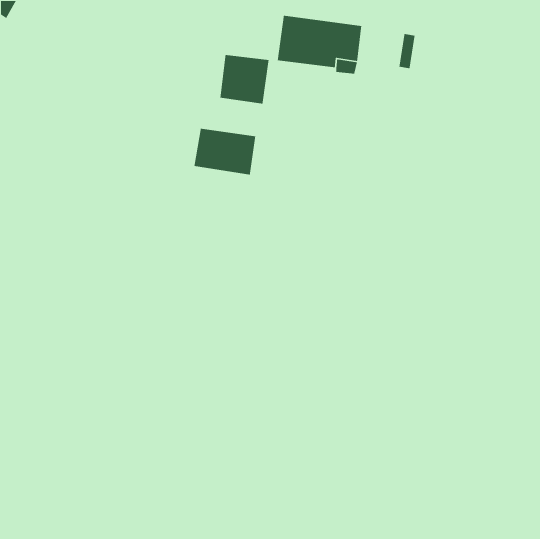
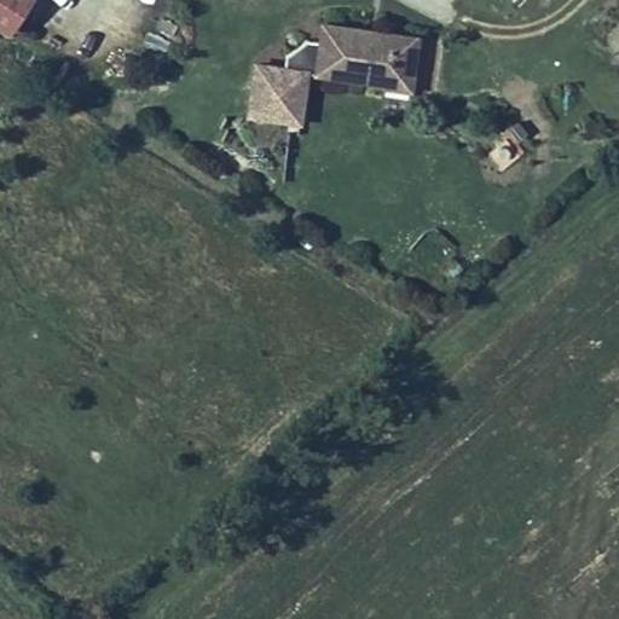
building: [194,128,256,175] -> none

